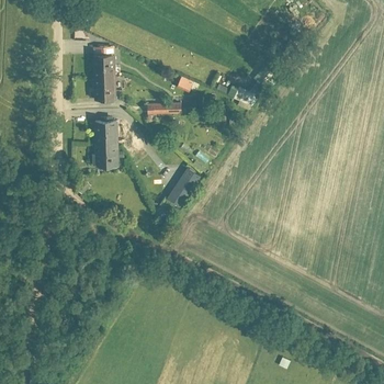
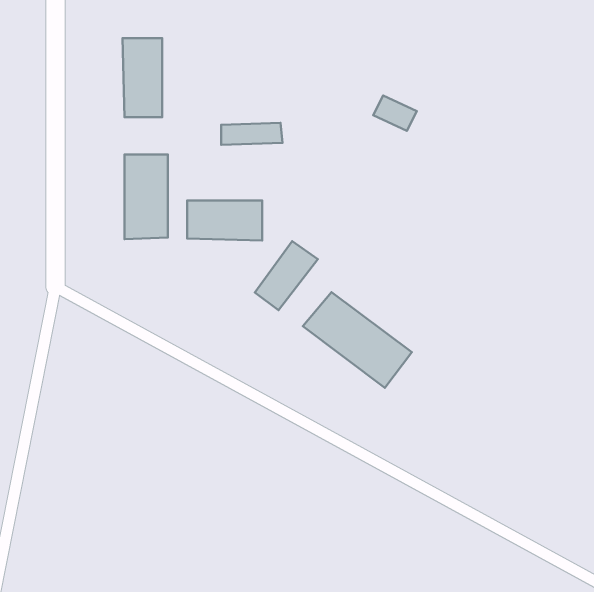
building: none -> [187,201,262,240]
building: none -> [303,292,412,388]

